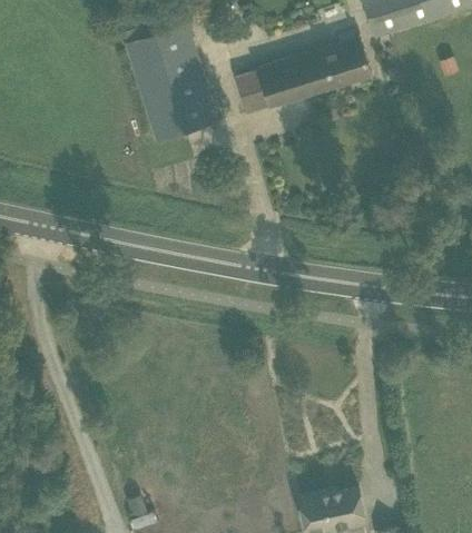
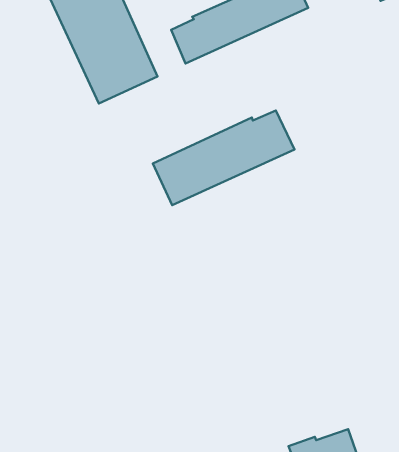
building: none -> [153,111,294,205]

